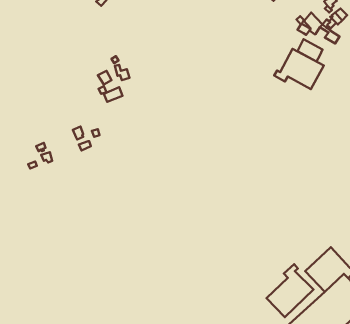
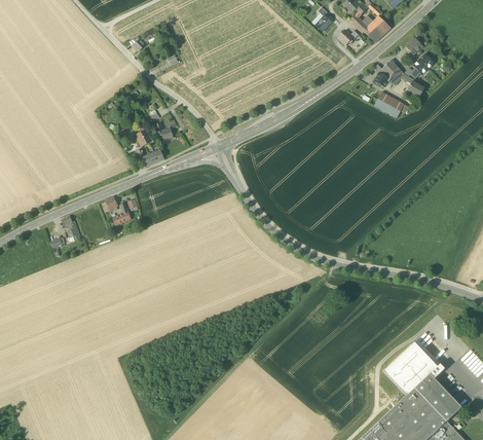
building: [274,49,324,89] -> none
building: [267,264,313,317] -> none

